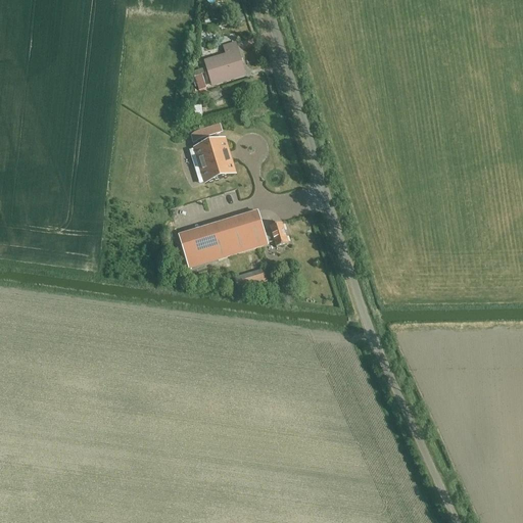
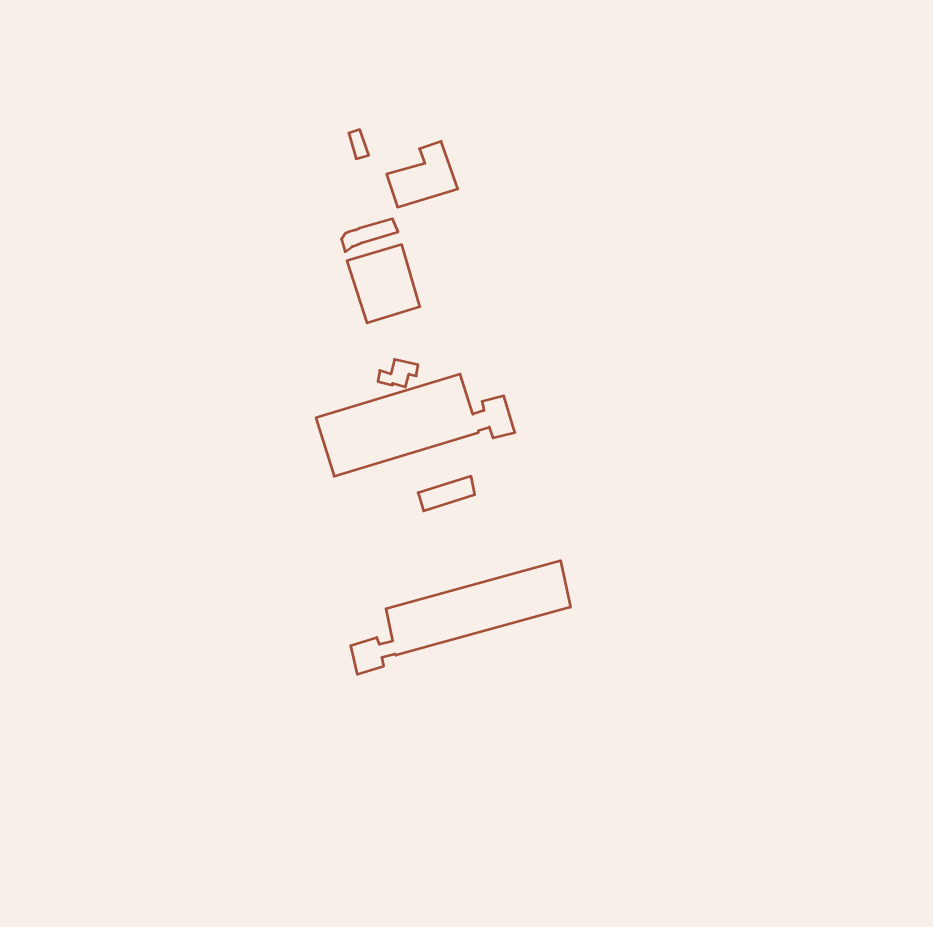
building: [204,41,244,78] -> [387,141,458,207]
building: none -> [351,561,570,674]

